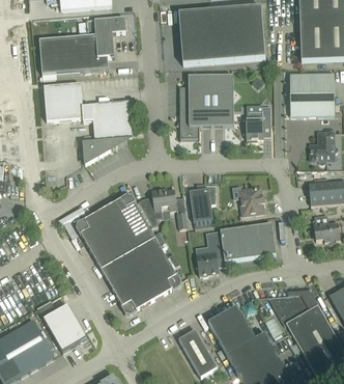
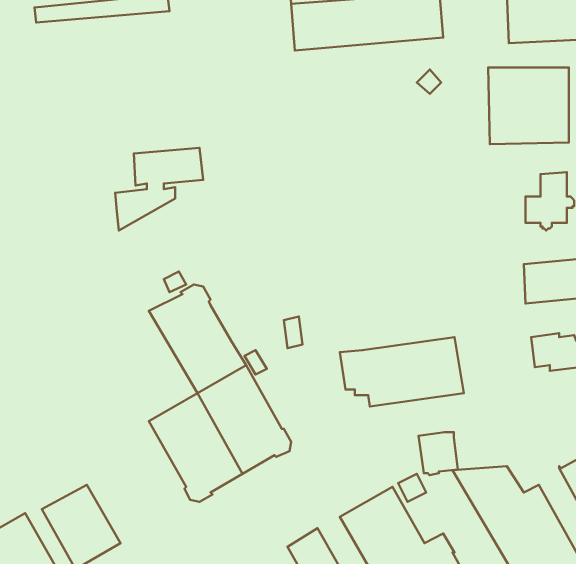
building: [39,42,114,73] -> none
building: [178,74,233,139] -> none
building: [44,82,130,120] -> none
building: [243,105,270,141] -> none
building: [189,184,216,227] -> none
building: [239,186,264,214] -> none
building: [136,187,176,226] -> none
building: [76,208,128,269] -> none
building: [196,251,218,275] -> [418,432,458,475]

